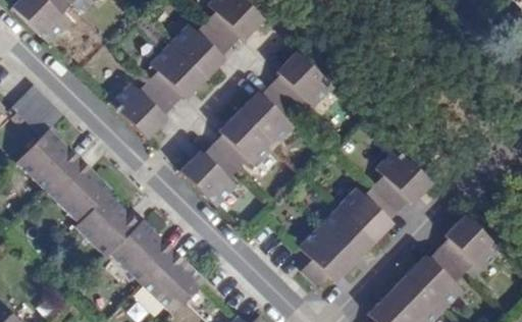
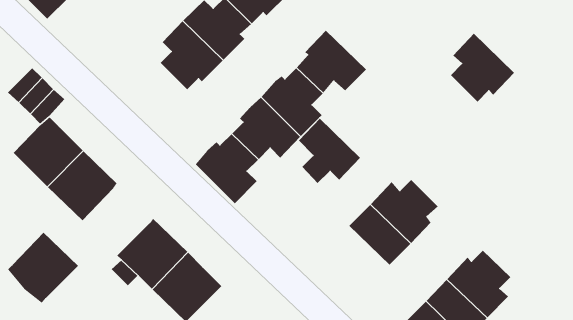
building: [111,81,173,139] -> none
building: [374,147,432,209] -> [450,33,515,102]
building: [75,193,140,257] -> [7,232,79,304]
building: [438,214,501,278] -> none
building: [299,226,355,285] -> [298,118,361,184]

